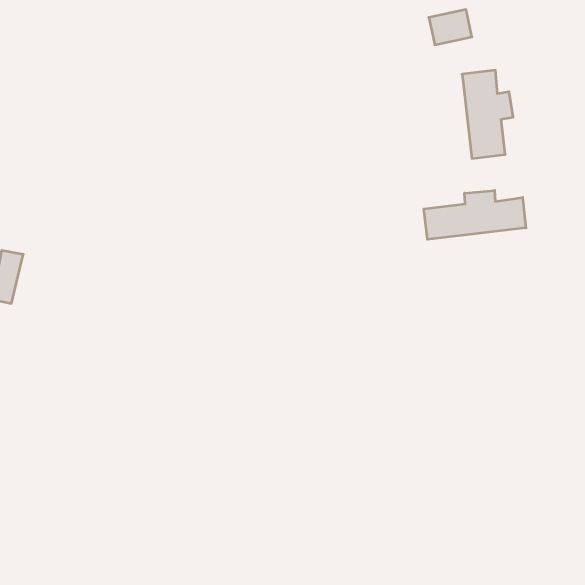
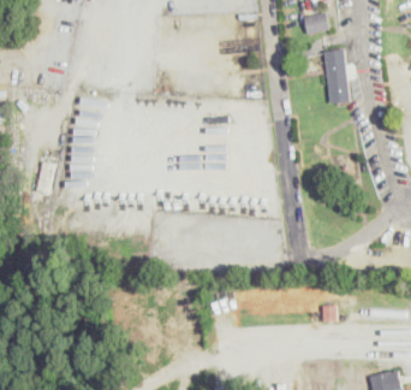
building: [424,190,526,239] -> none

